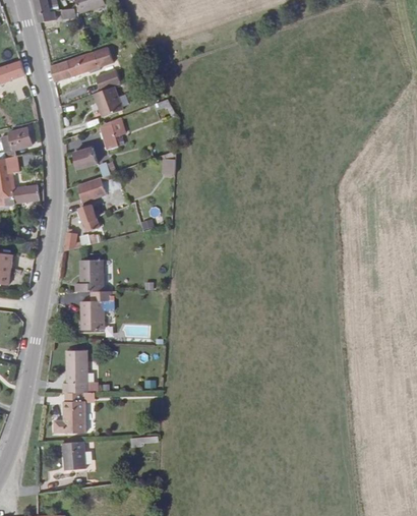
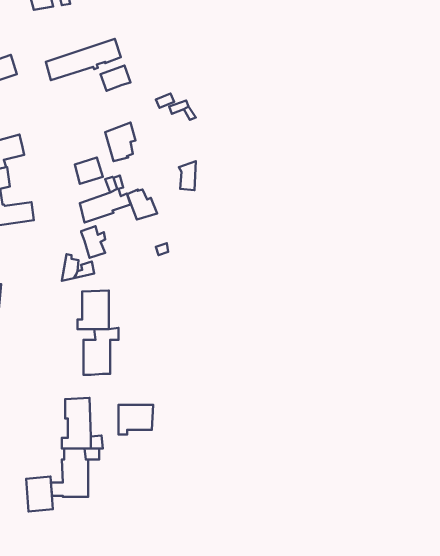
building: [93,85,122,117] -> none
building: none -> [127,189,157,219]
building: none -> [119,405,153,435]
building: [62,441,84,470] -> [26,476,53,511]

